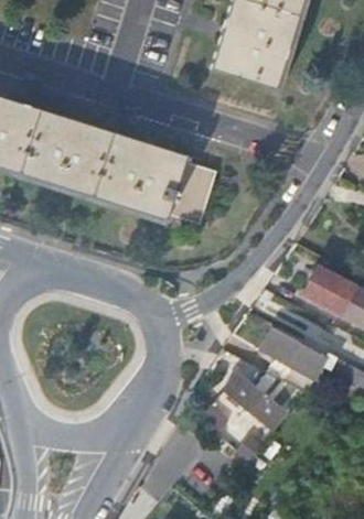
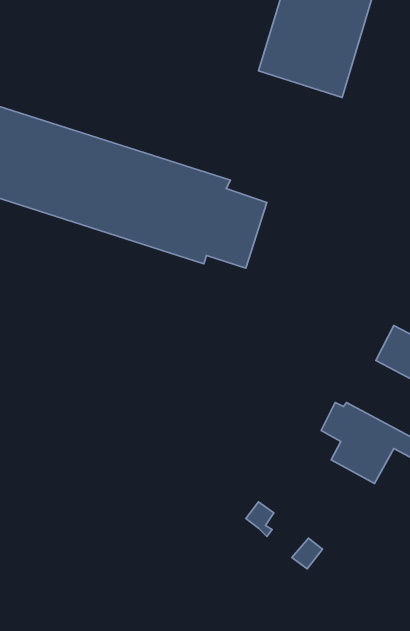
building: [224,375,297,429] -> none

